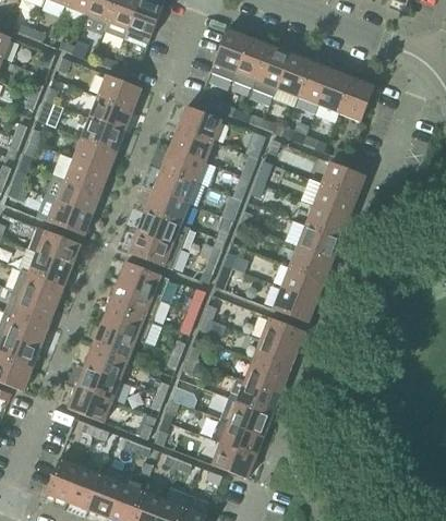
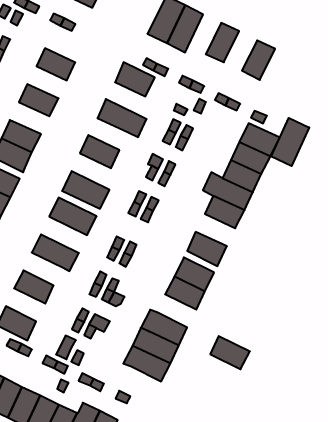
building: [253,45,290,96] -> none
building: [297,60,332,104] -> none
building: [97,74,141,109] -> none
building: [338,76,374,121] -> none
building: [81,117,124,150] -> none
building: [169,128,213,161] -> none
building: none -> [271,118,309,166]
building: [64,158,108,192] -> none
building: [153,169,196,203] -> none
building: [137,209,189,247] -> none
building: [280,266,324,300] -> none
building: [109,282,160,320] -> none
building: [93,324,136,359] -> none
building: [244,359,288,393] -> [210,336,250,369]
building: [76,365,120,400] -> none
building: [212,441,255,477] -> none

